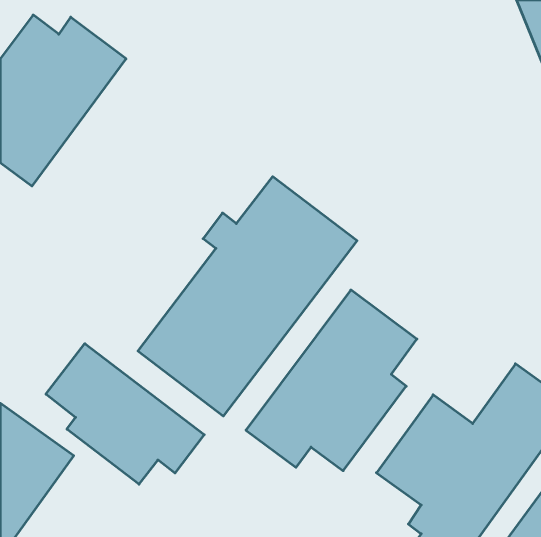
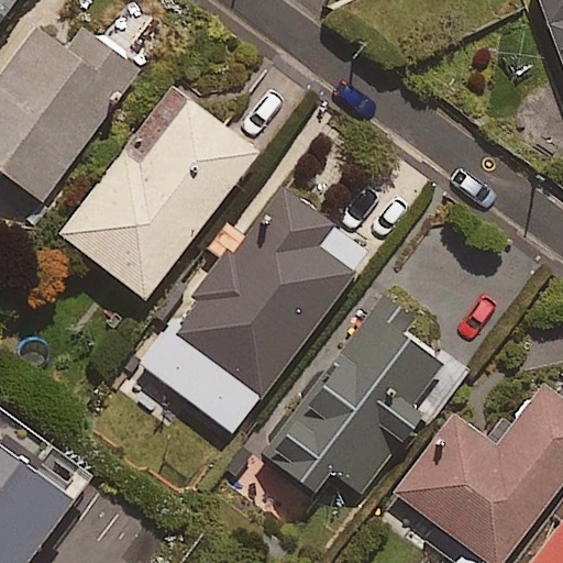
building: none -> [67,80,317,300]
building: [46,344,204,484] -> none

